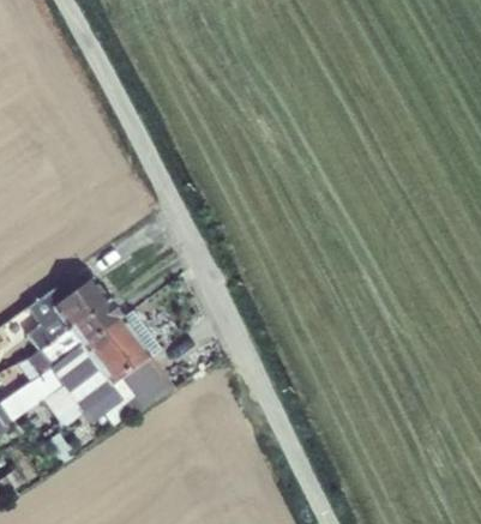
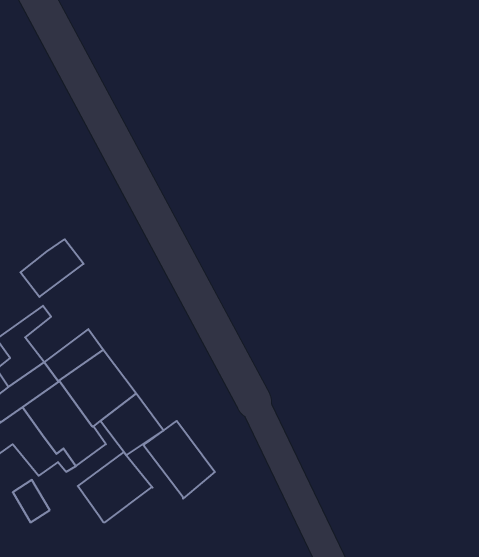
building: [52,278,107,329] -> [20,239,84,297]
building: none -> [144,421,215,499]
building: none -> [78,452,153,522]

